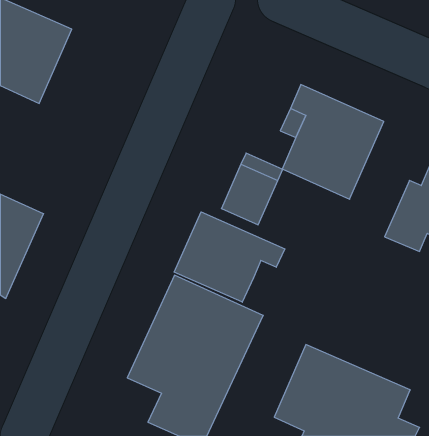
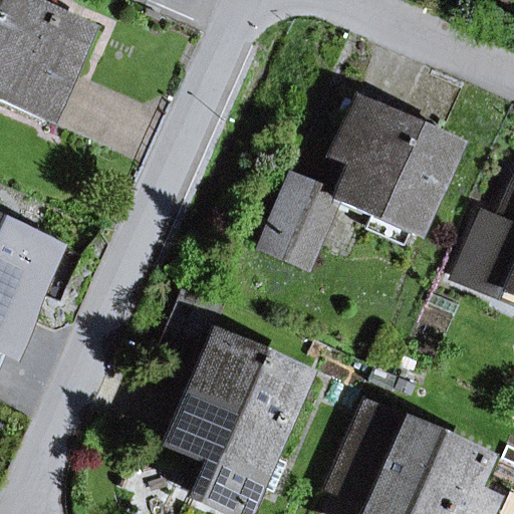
building: [174,212,285,302] -> none

